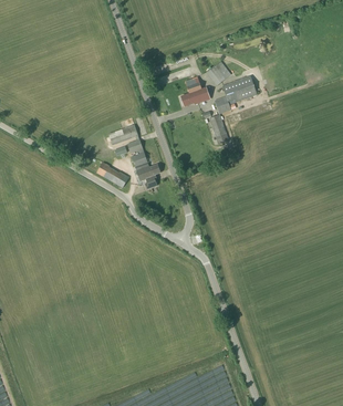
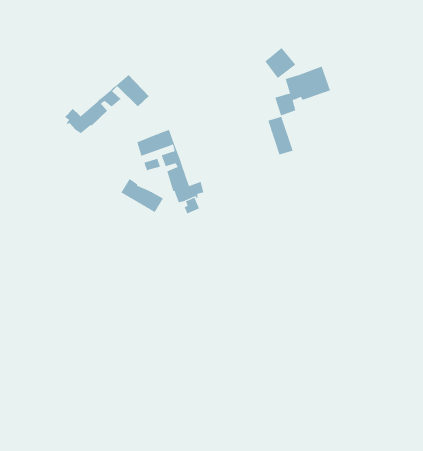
building: [181,76,210,105] -> none
building: none -> [64,74,150,134]

